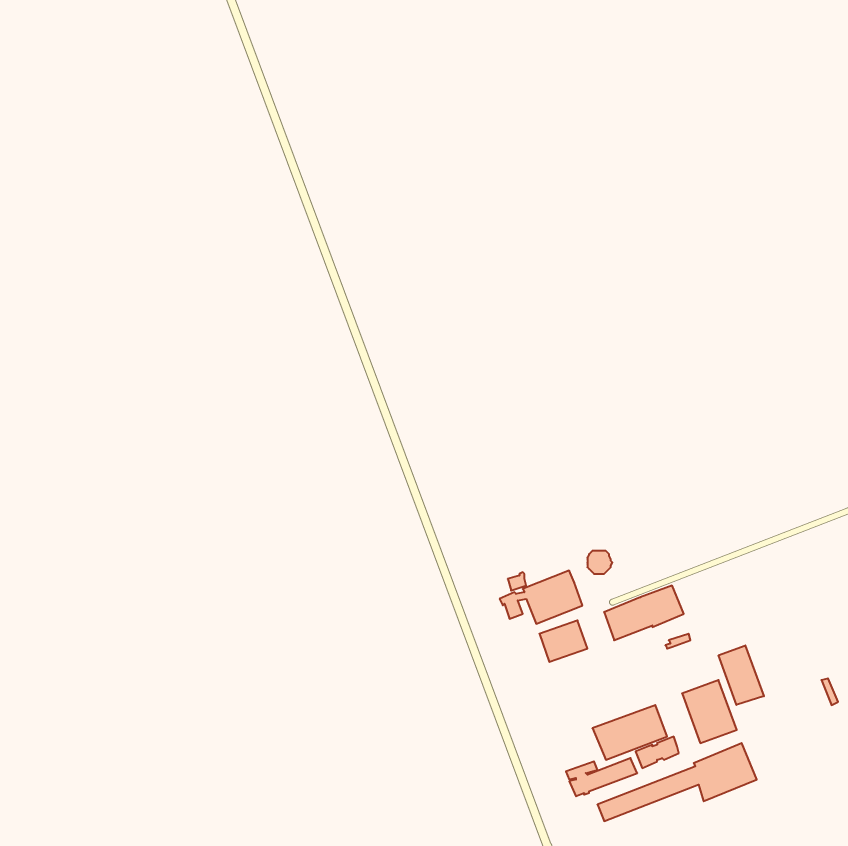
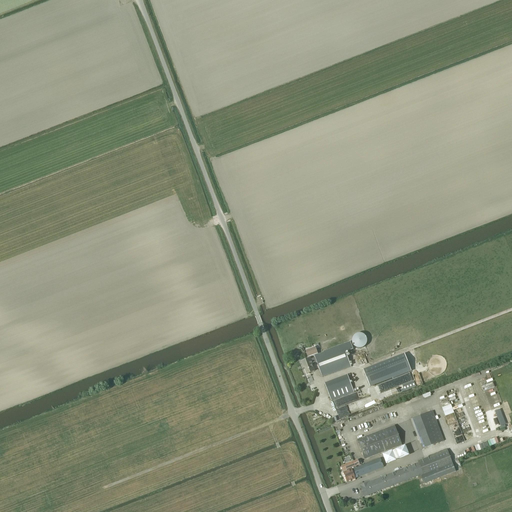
building: [719,645,764,705] -> none

